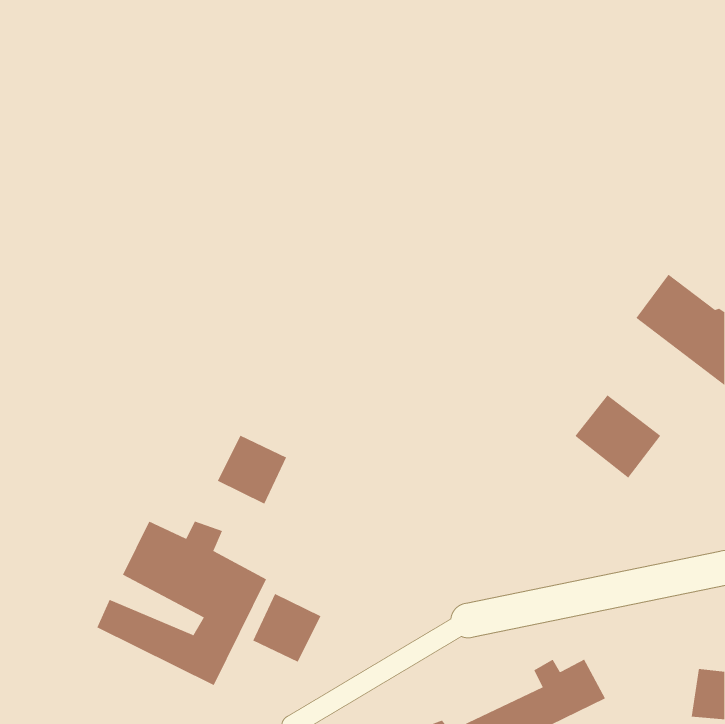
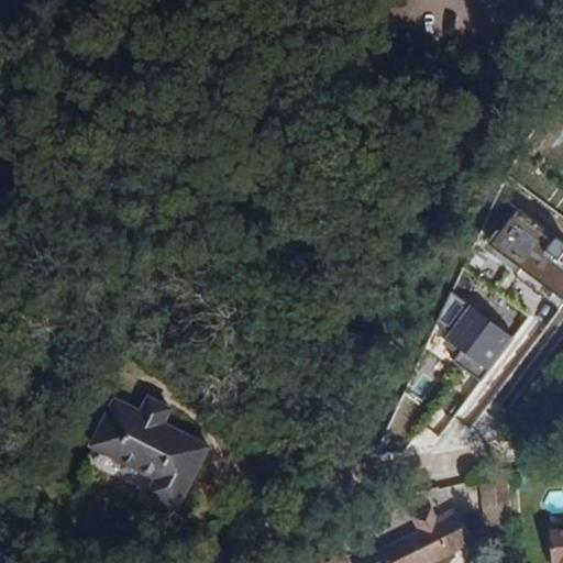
building: [217,435,287,505] -> none
building: [252,593,321,663] -> none

